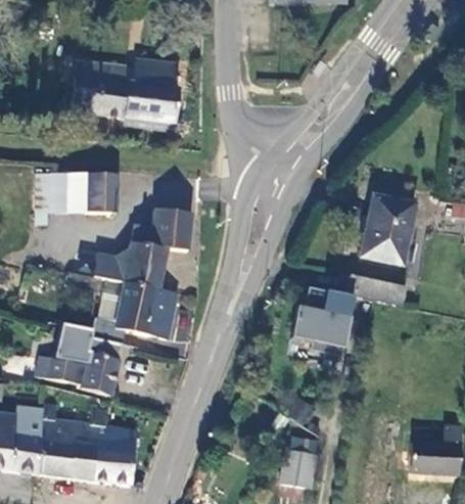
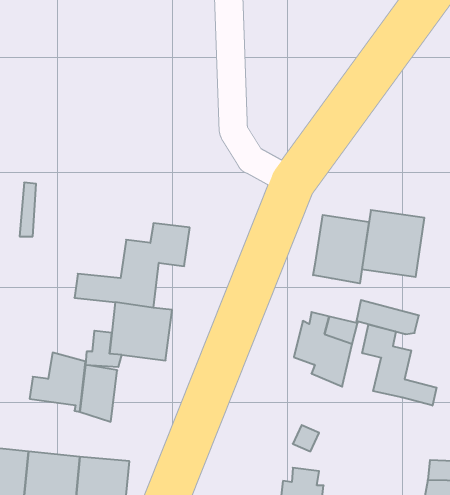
building: [78,52,185,119] -> none
building: [51,169,121,215] -> none
building: none -> [313,215,369,283]
building: none -> [362,325,437,406]

